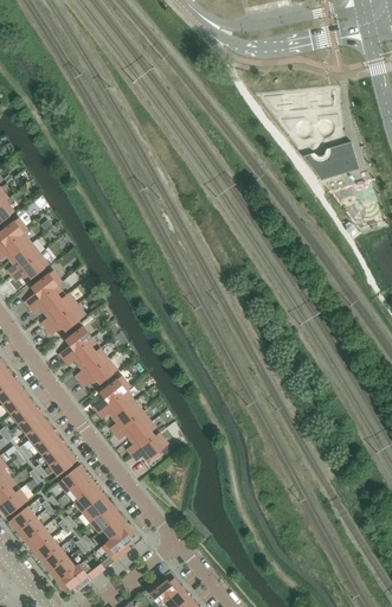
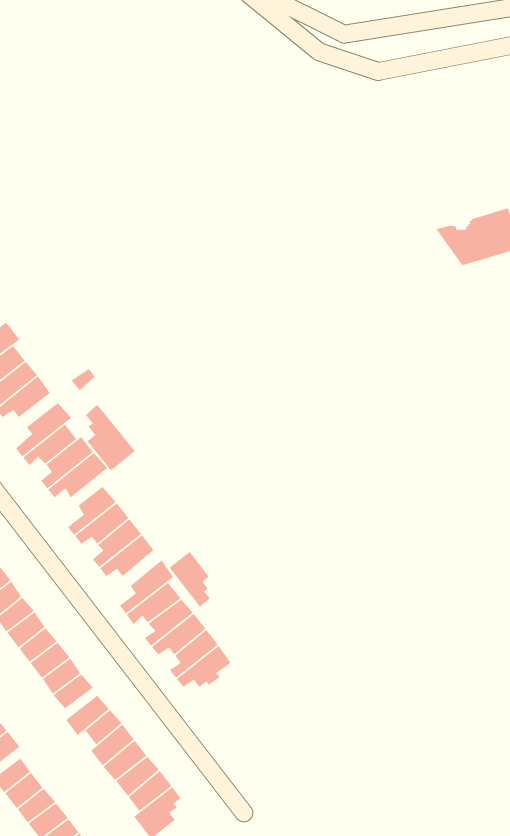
building: none -> [85,404,136,472]
building: none -> [169,551,211,608]

